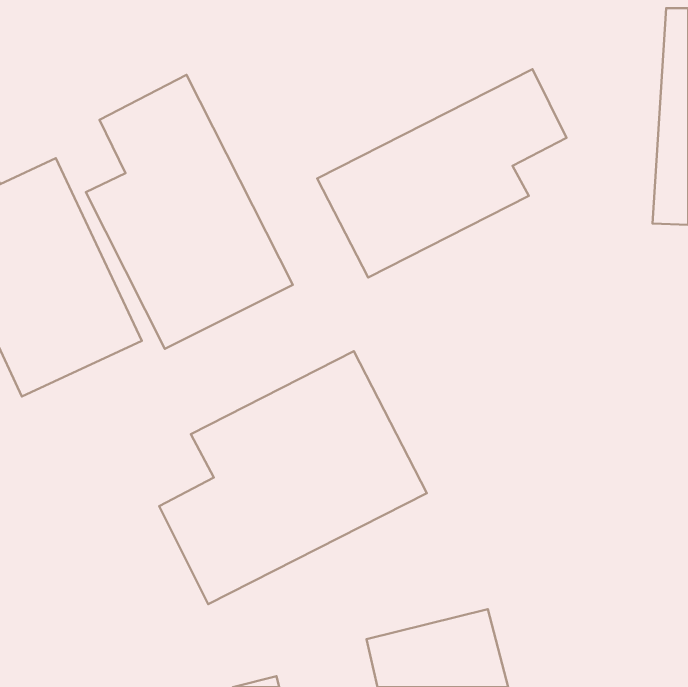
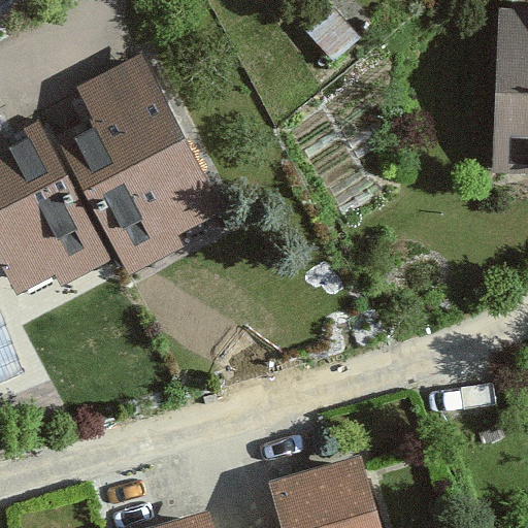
building: [317,69,566,278] -> none
building: [159,351,427,604] -> none

